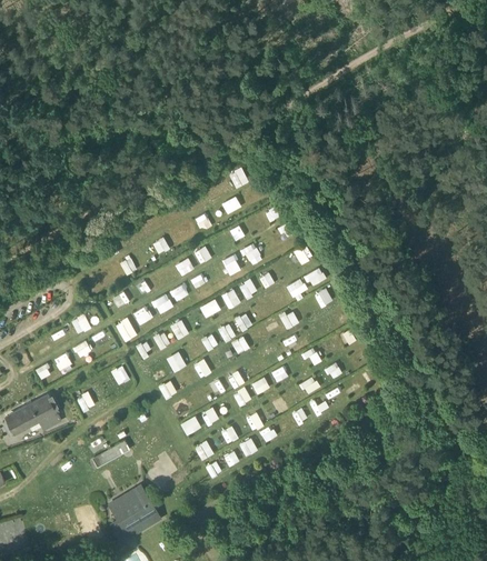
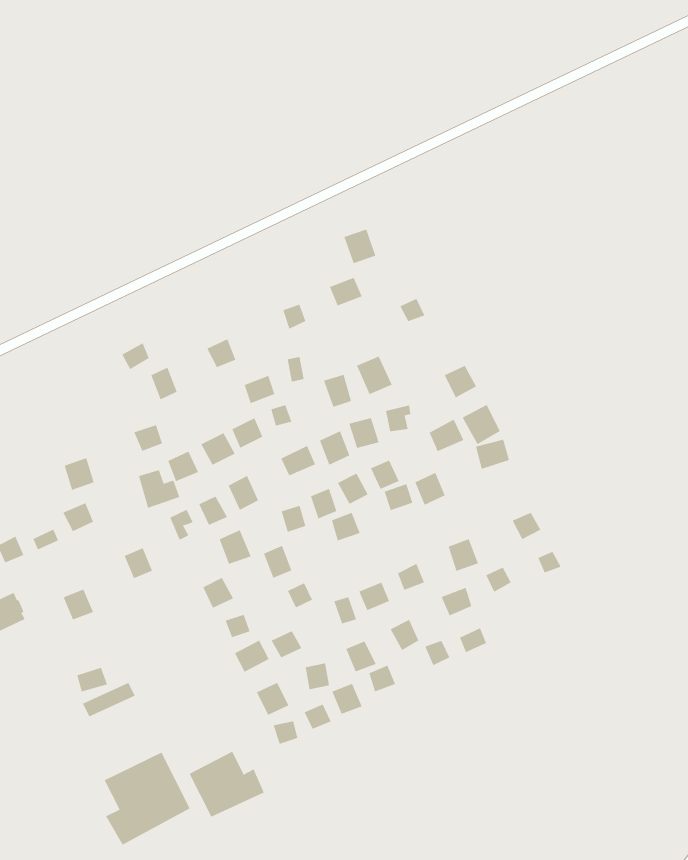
building: none -> [189,751,264,818]

